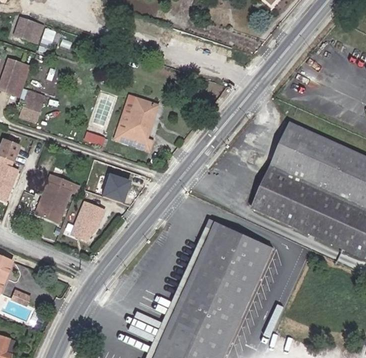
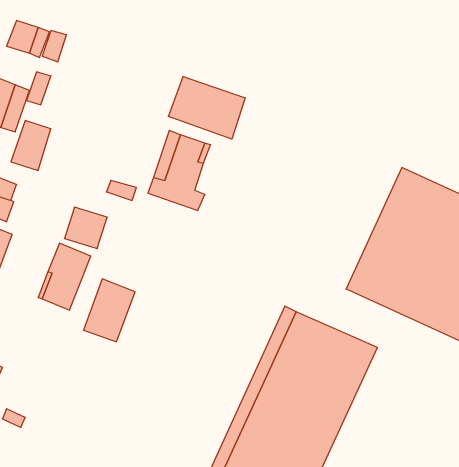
building: none -> [168,76,245,139]
building: [100,175,130,204] -> [64,207,107,249]

